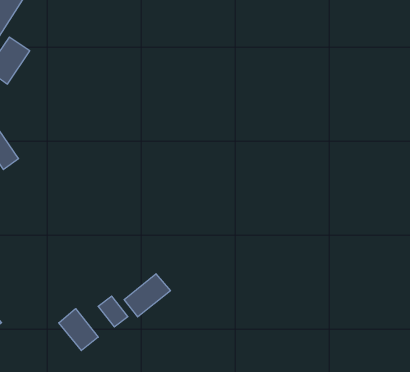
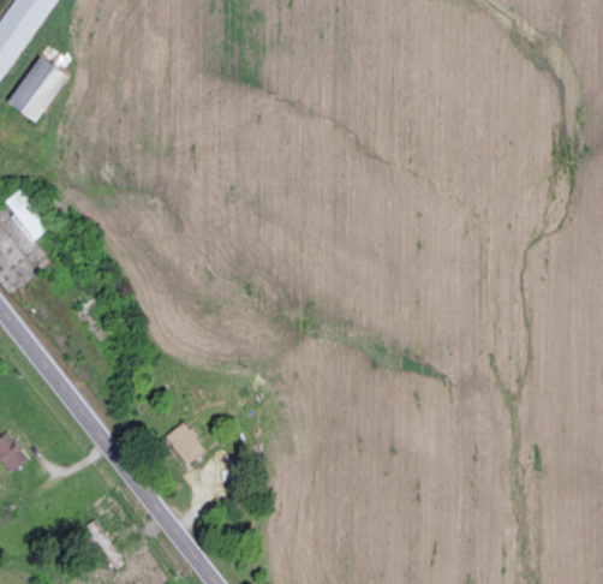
building: [124,274,170,317] -> none
building: [59,309,98,351] -> none

